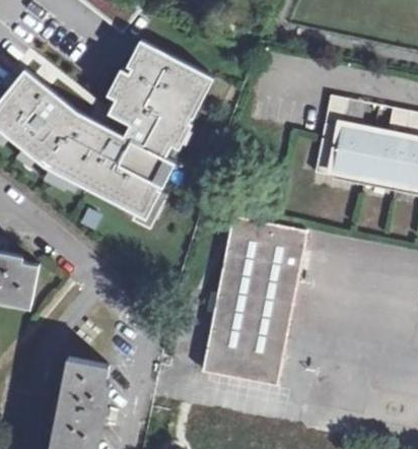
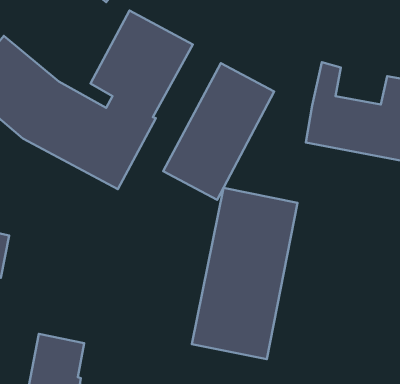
building: none -> [163,63,274,200]

